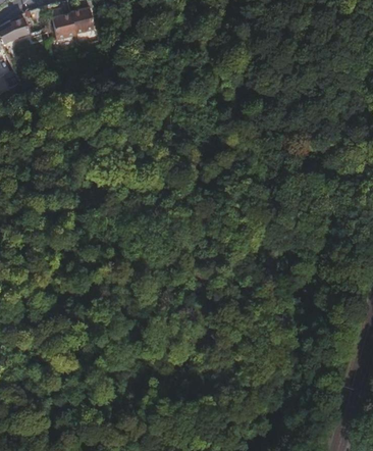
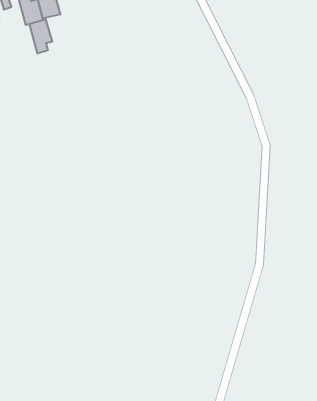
building: none -> [30,19,52,54]

